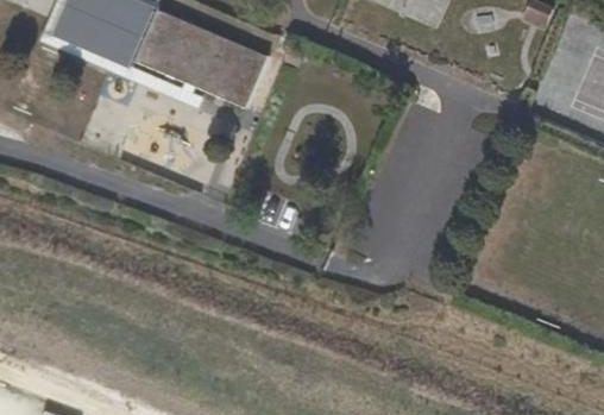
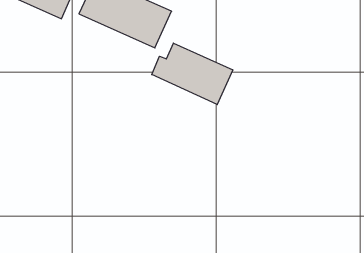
building: none -> [152,43,233,105]

